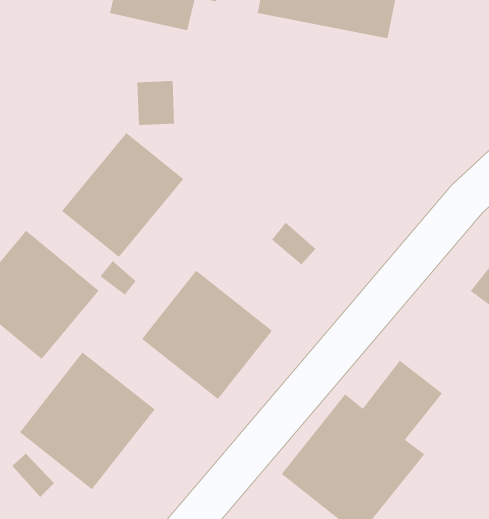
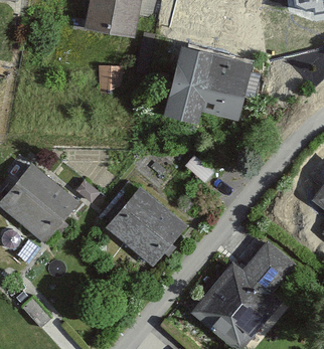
building: none -> [165,48,255,123]
building: [61,132,184,258] -> none
building: [19,352,155,490] -> none

